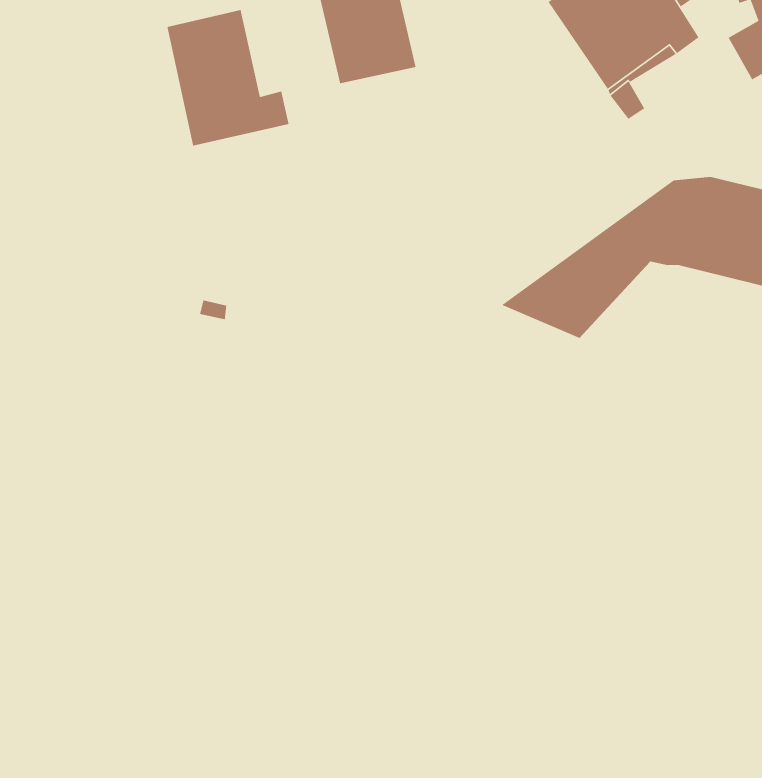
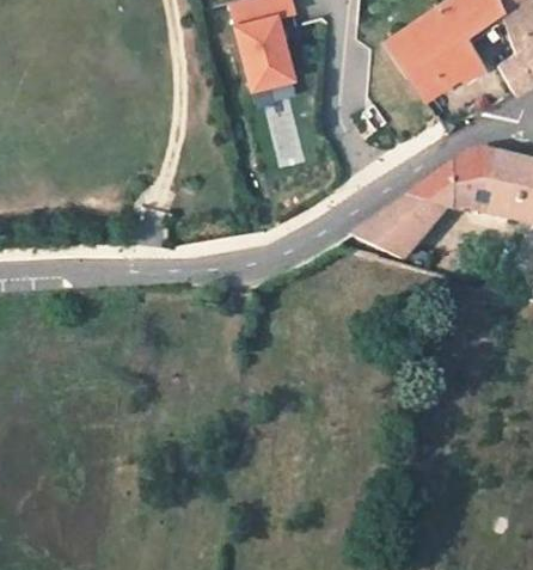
building: [166,9,290,147] -> none

